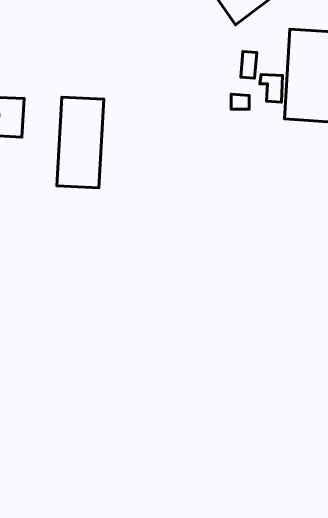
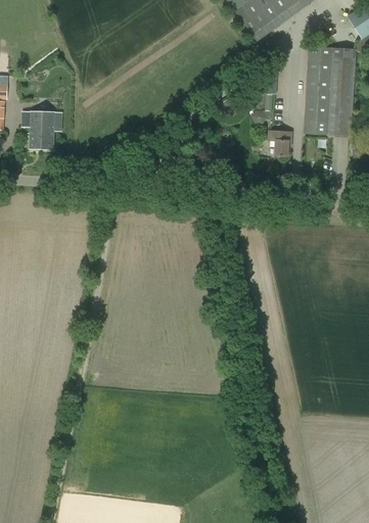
building: [260,74,282,102] -> [268,129,289,155]
building: [57,97,104,188] -> none

